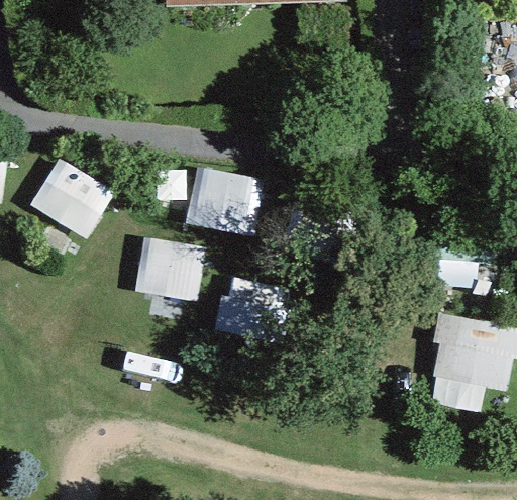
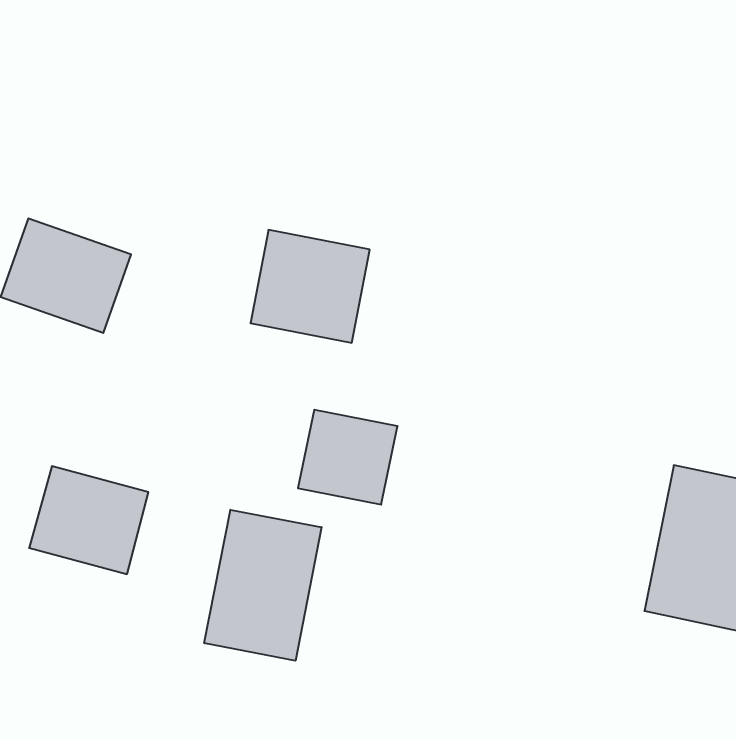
building: [132,231,206,298] -> [29,466,148,574]
building: none -> [204,510,322,661]

